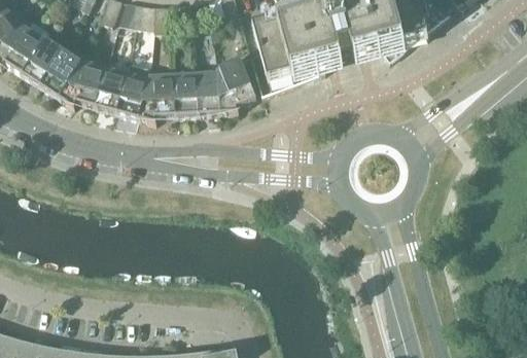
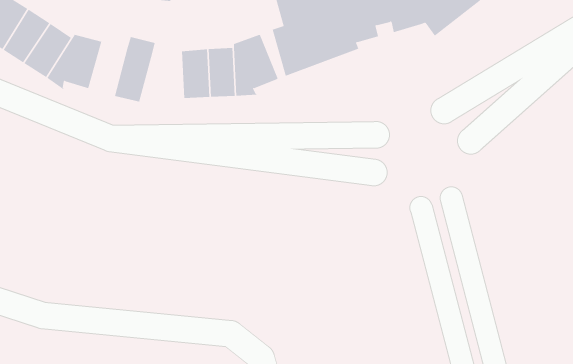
building: [96,65,128,111] -> none
building: [139,73,176,121] -> none

